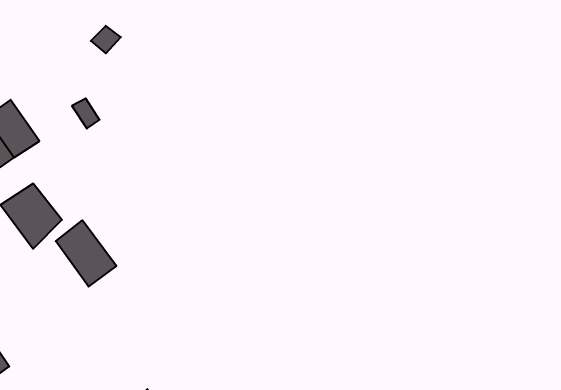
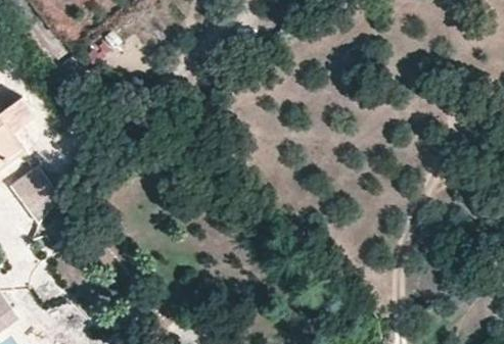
building: [56,220,116,287] -> none

